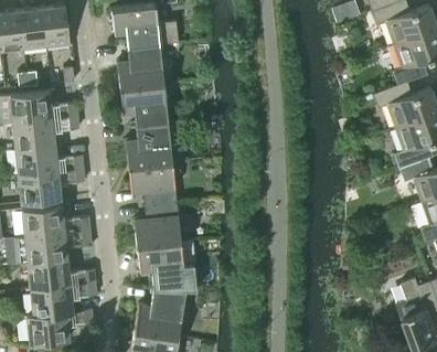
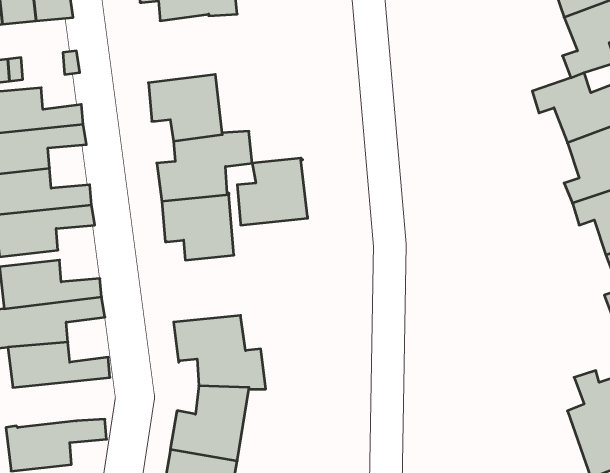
building: [118,43,164,88] -> none
building: [135,202,181,246] -> [237,158,308,225]
building: [31,282,97,316] -> none

